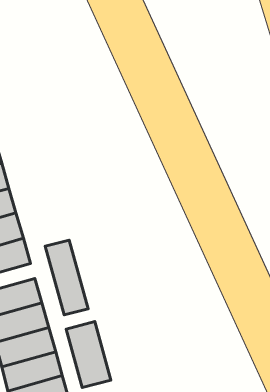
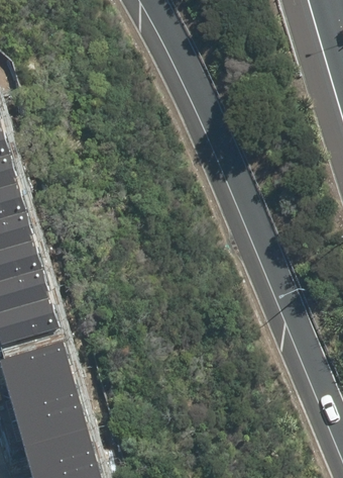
building: [45,240,88,315] -> none
building: [66,322,111,388] -> none

